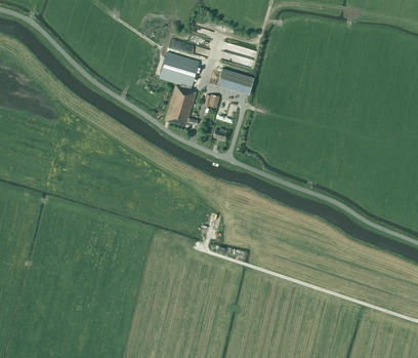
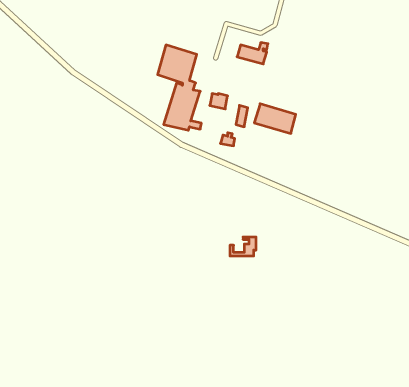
building: [218,69,254,94] -> [254,104,296,133]

